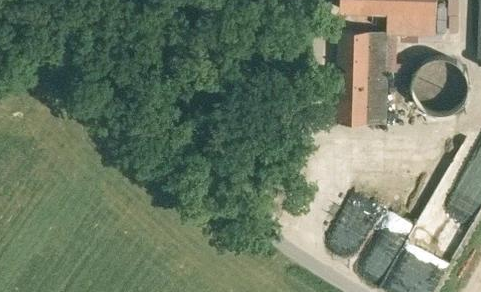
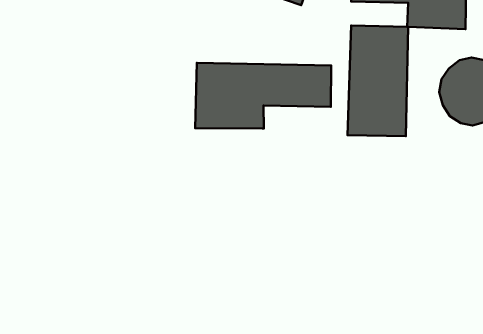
building: none -> [195,63,331,129]

